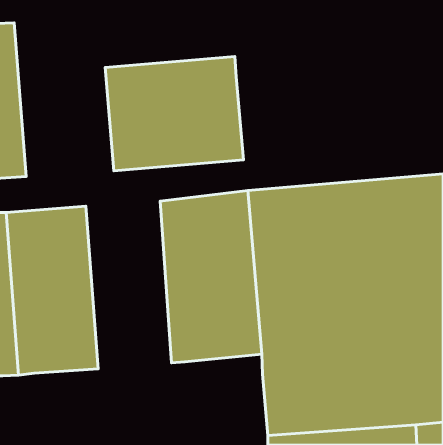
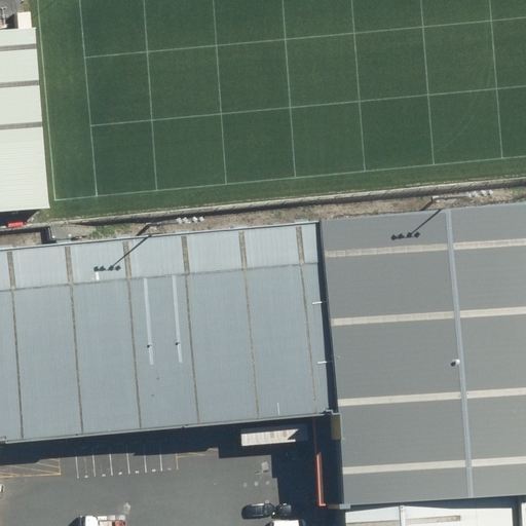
building: [105,56,243,171] -> none
building: none -> [101,236,201,434]

